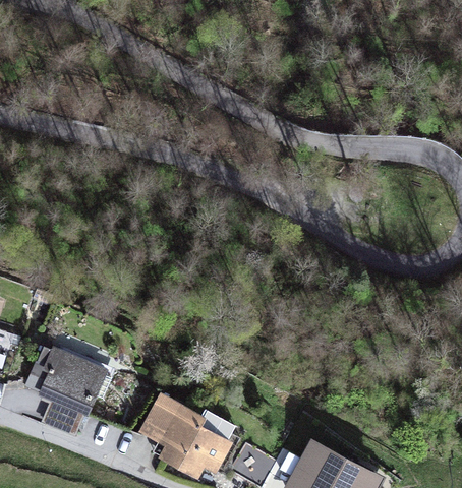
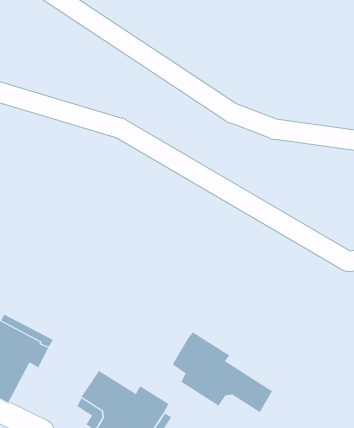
building: none -> [172,332,273,413]

